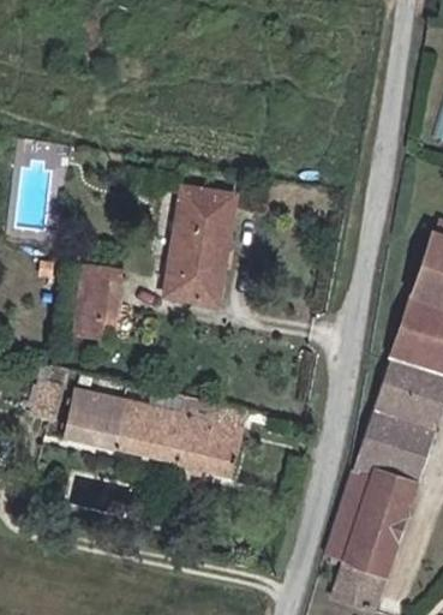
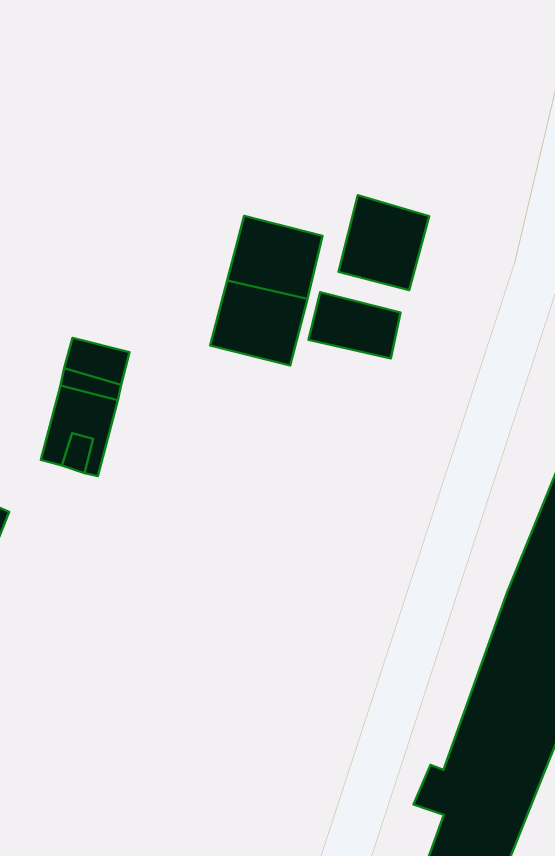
building: none -> [338,195,429,290]
building: [172,271,227,309] -> [308,292,400,358]
building: [74,383,257,476] -> none

